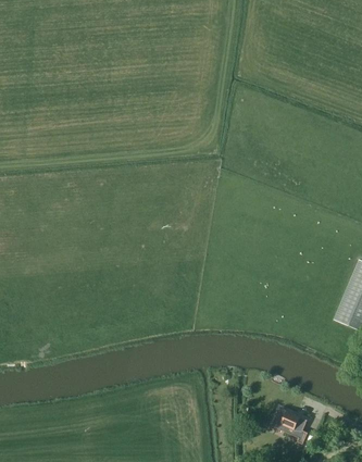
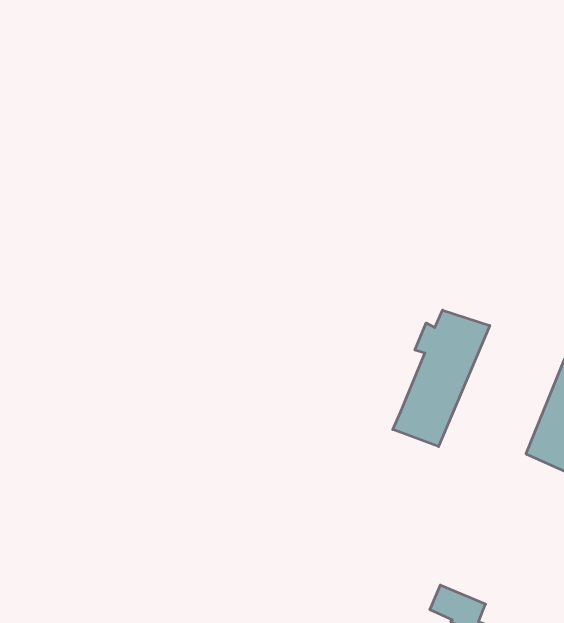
building: none -> [393,310,490,447]

